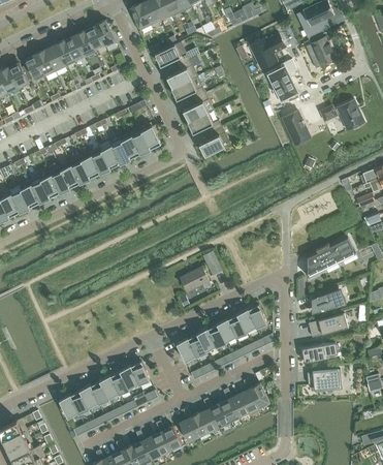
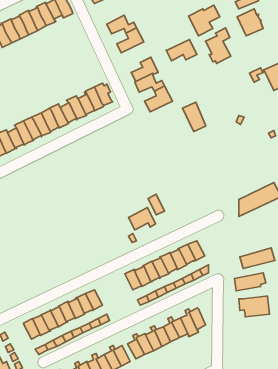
building: [170,75,205,100] -> [166,39,197,61]
building: [282,111,309,145] -> [182,102,206,132]
building: [311,288,346,314] -> none

